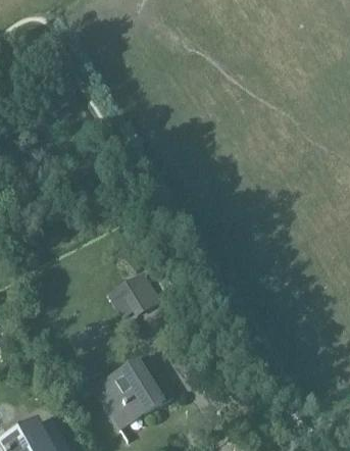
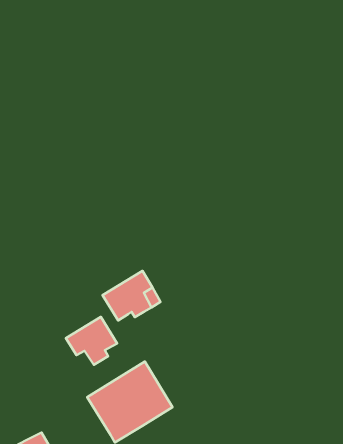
building: none -> [66,317,117,365]

